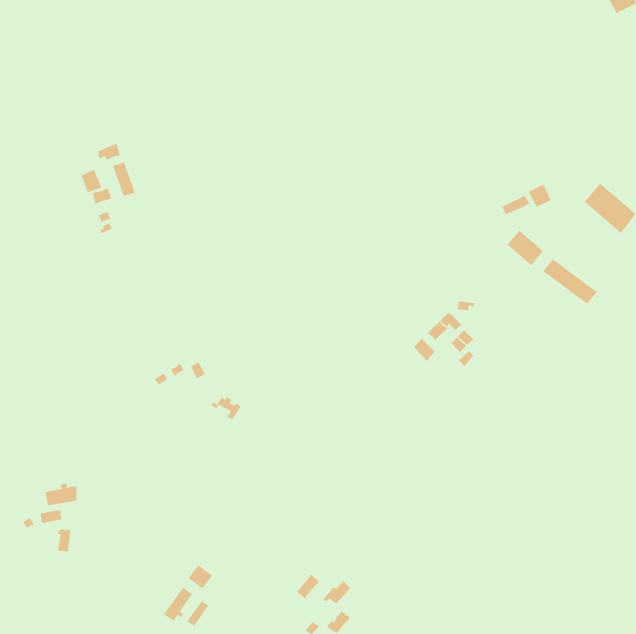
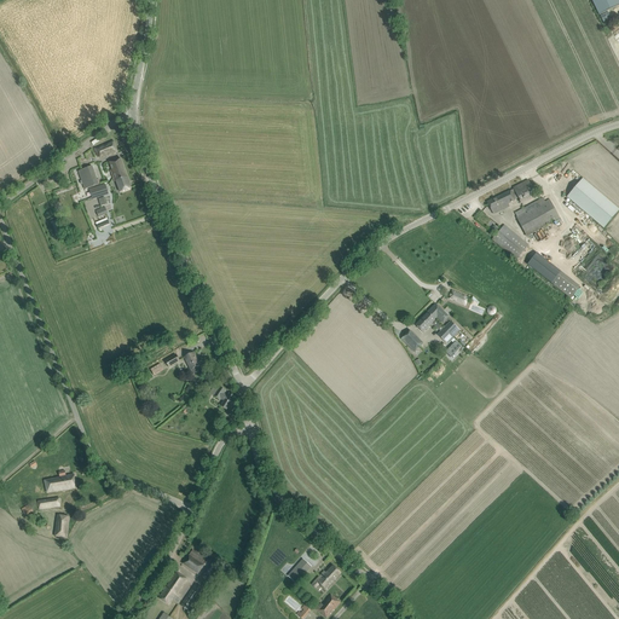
building: none -> [515,197,560,236]

